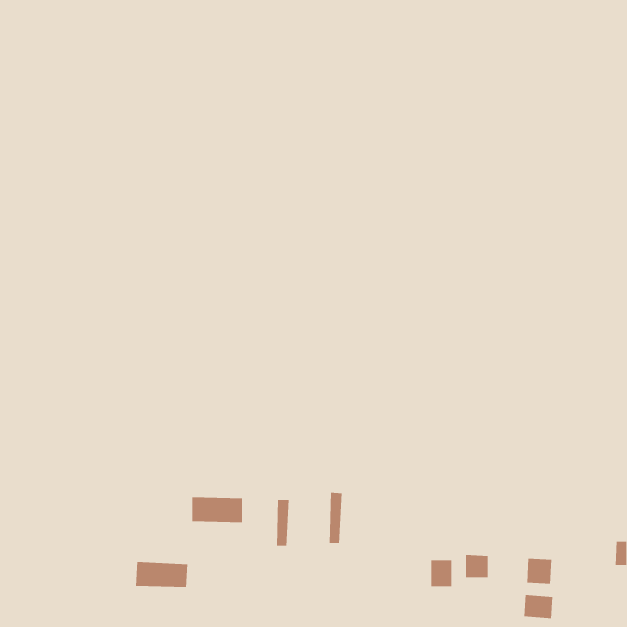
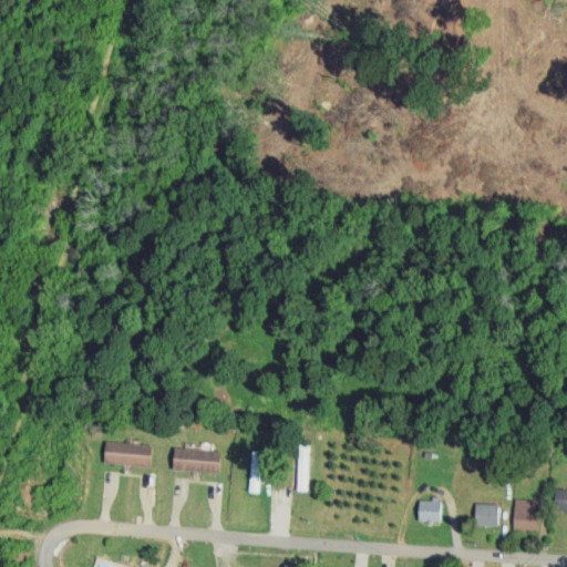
building: [431,559,452,587] -> none
building: [135,562,188,587] -> [103,442,151,465]
building: [524,594,553,619] -> [513,508,539,530]

